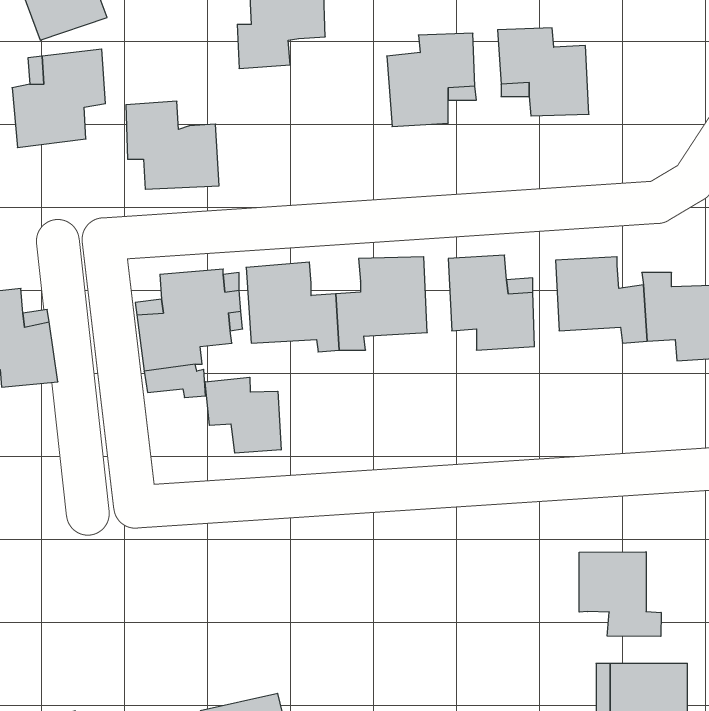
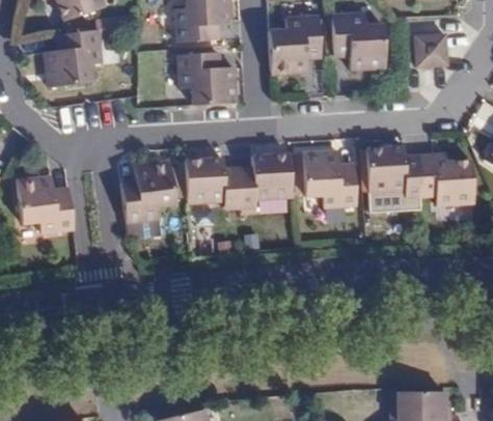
building: none -> [414,34,447,67]
building: [126,101,219,189] -> [182,53,237,105]
building: [205,377,281,453] -> none
building: [579,552,661,636] -> none

